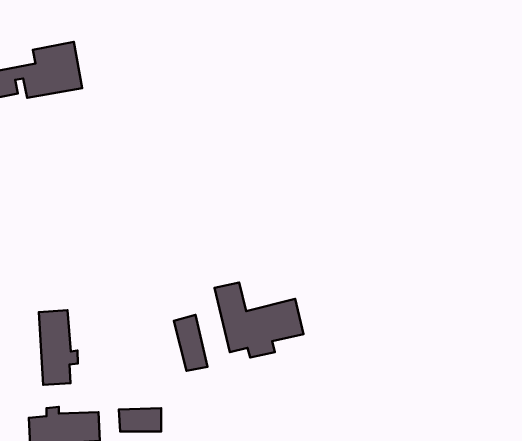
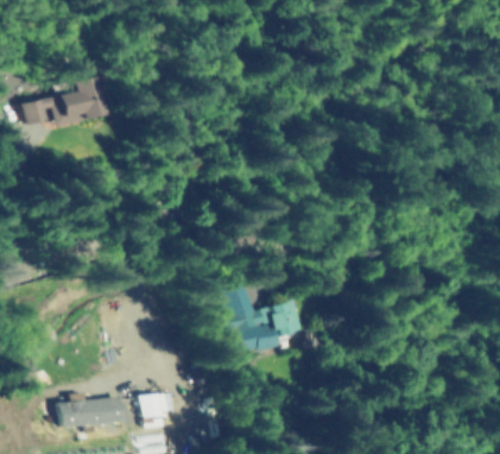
building: [39,310,78,385] -> none
building: [174,315,208,371] -> none

